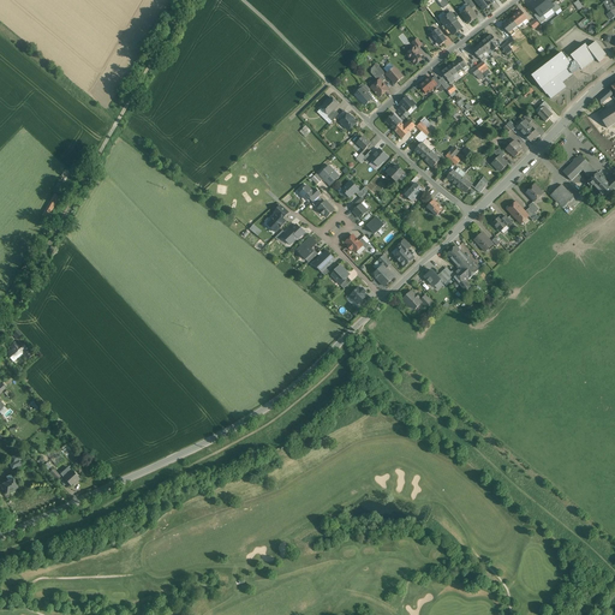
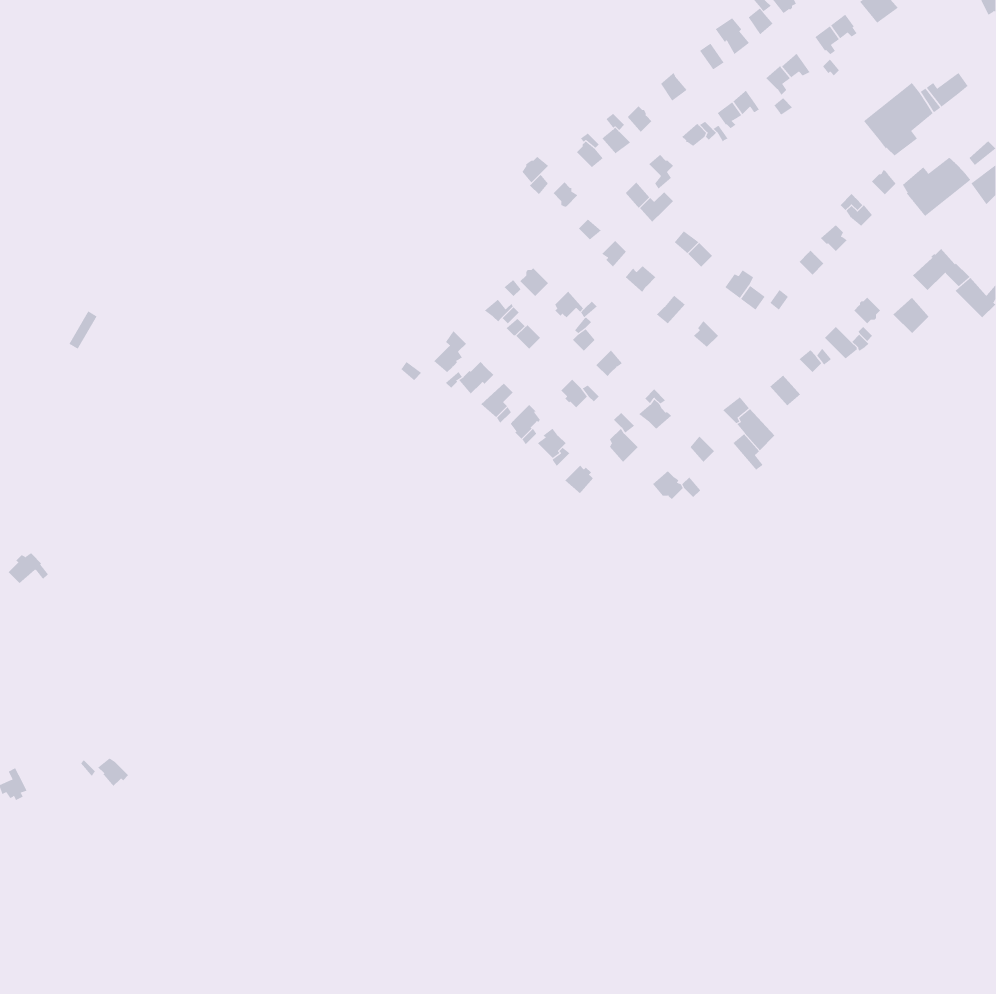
building: none -> [902,157,971,217]

